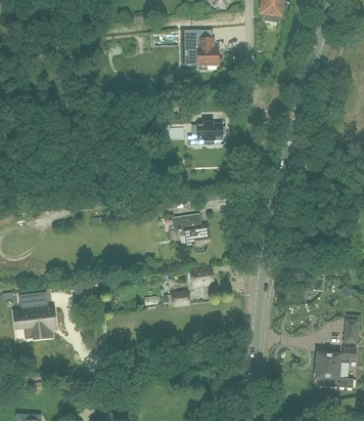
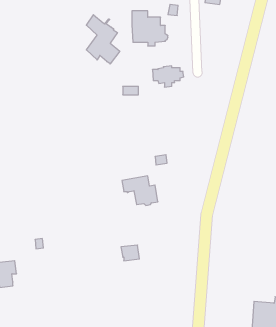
building: none -> [86,15,120,64]
building: [191,120,226,143] -> [152,66,184,87]
building: [190,265,214,286] -> none

